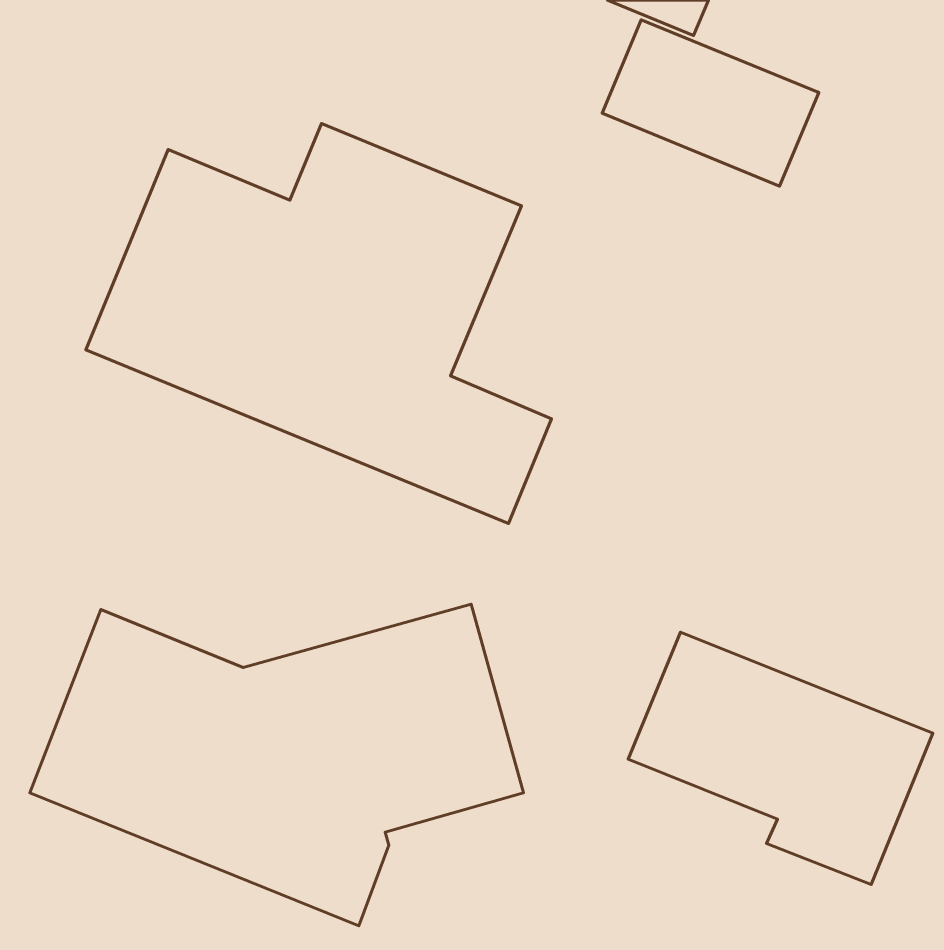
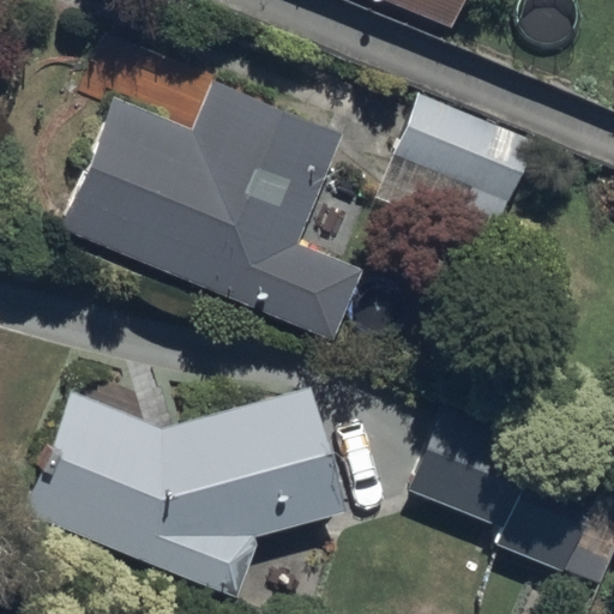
building: [602,20,819,186] -> [396,96,535,203]

